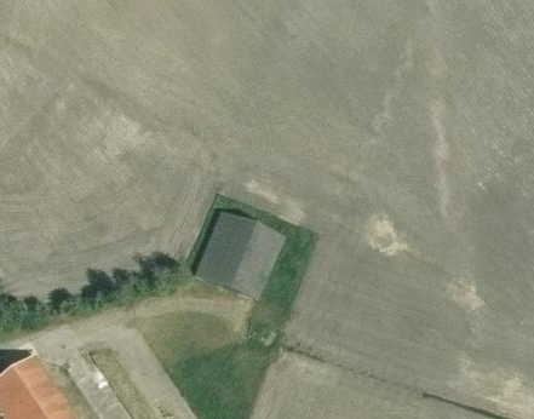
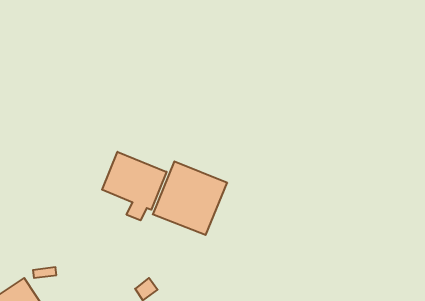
building: none -> [102,152,167,220]

